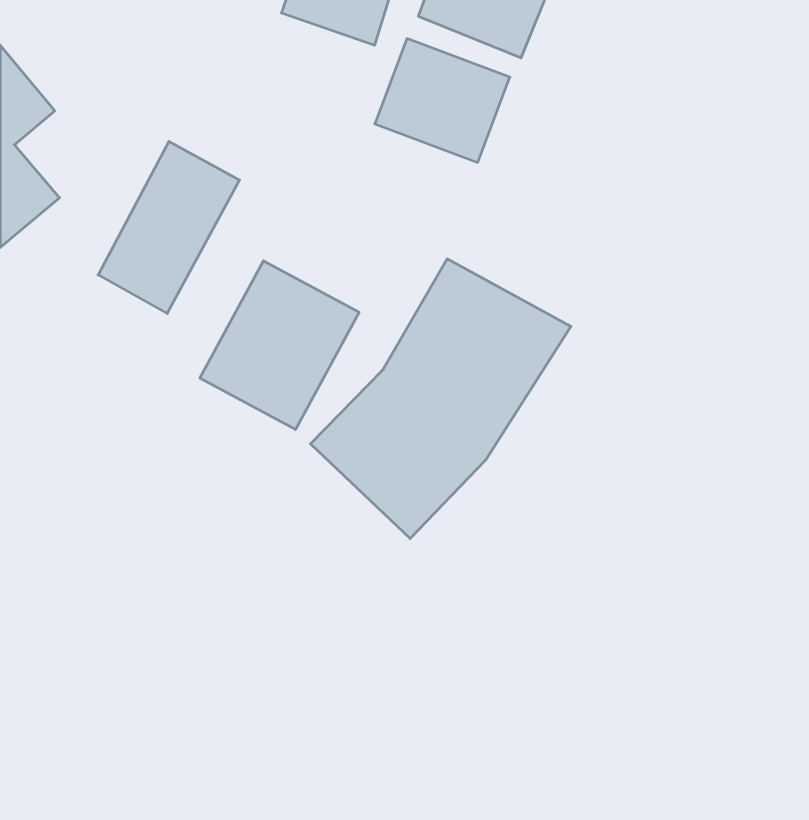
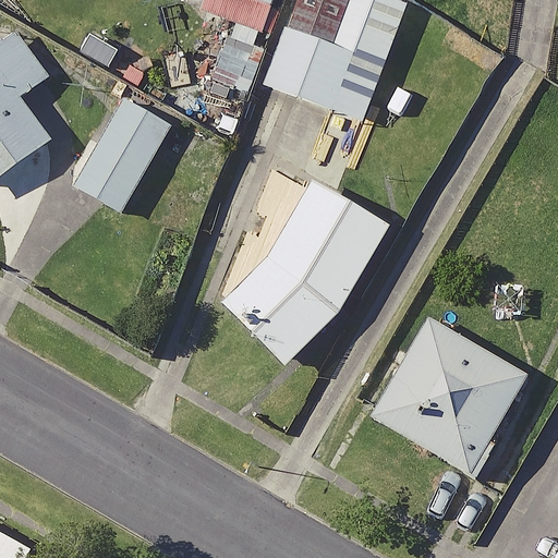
building: [200,261,359,430] -> none
building: none -> [368,317,525,477]

